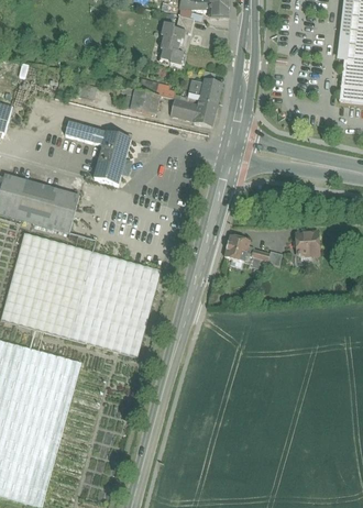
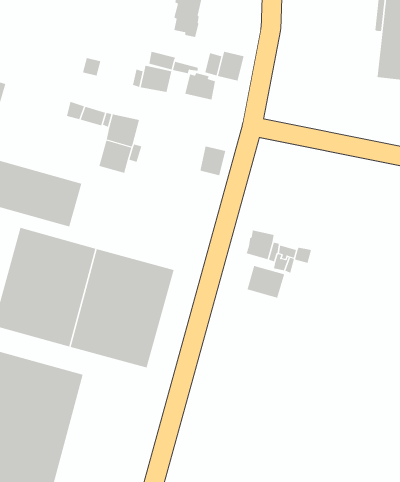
building: [194,99,217,125] -> [200,146,226,176]
building: [293,231,318,255] -> none
building: none -> [247,265,285,298]

